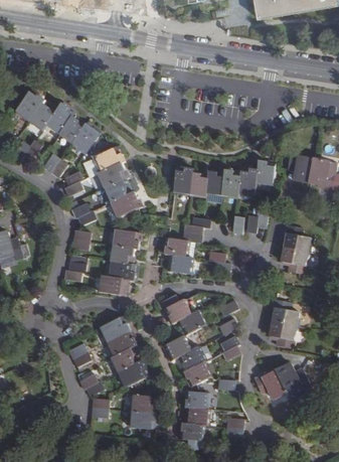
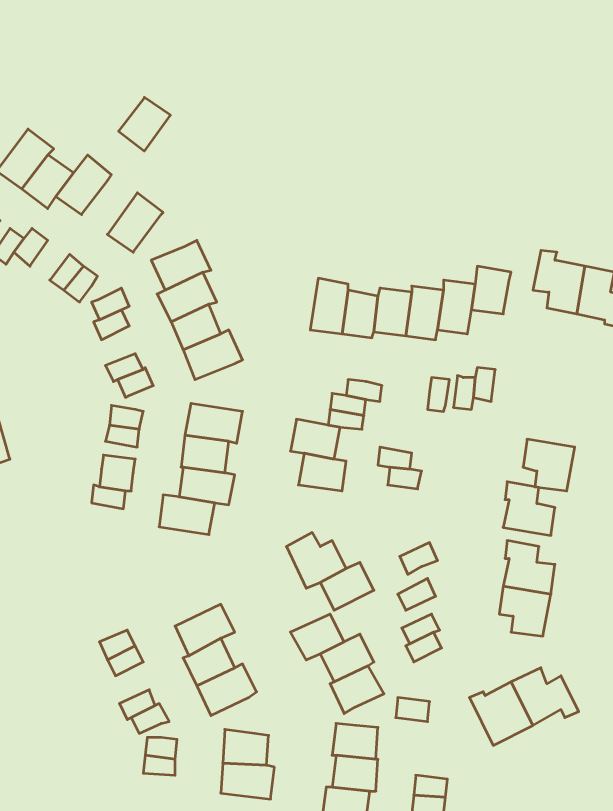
building: [58,117,84,144] -> [119,97,170,151]
building: [284,224,310,252] -> [503,482,555,535]
building: [99,316,129,342] -> none

